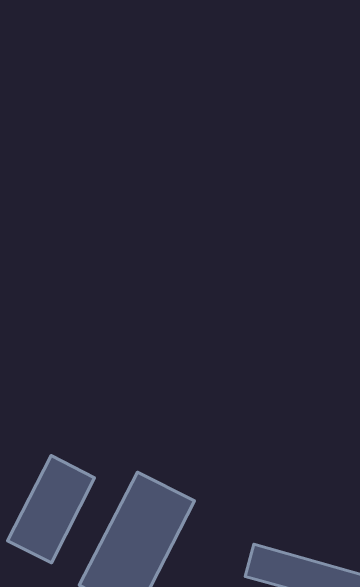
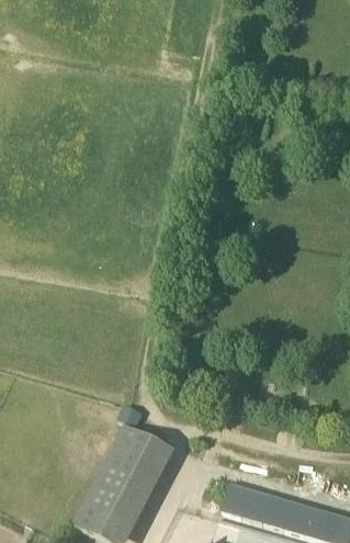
building: [8,455,94,563] -> none

